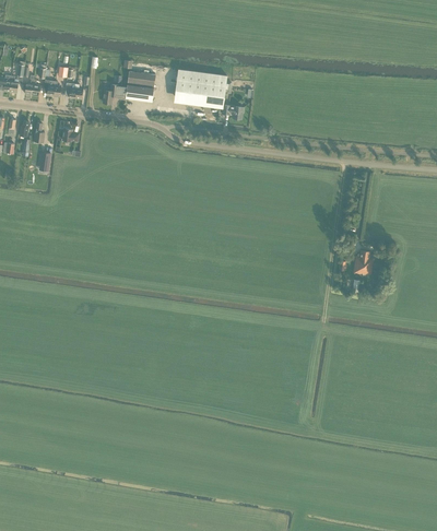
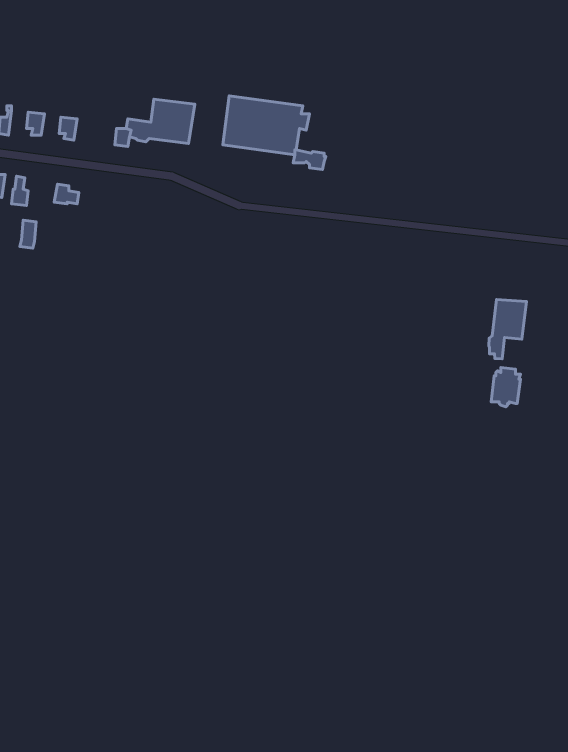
building: none -> [489,299,526,359]

